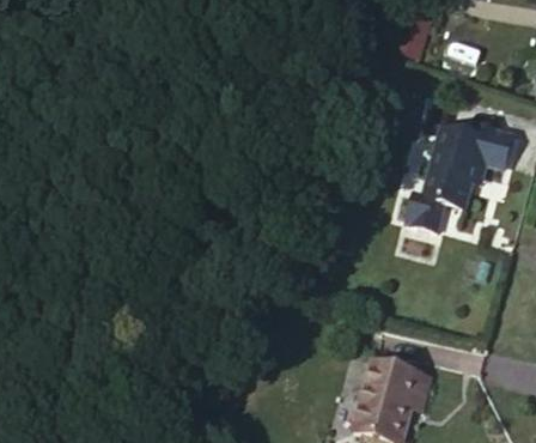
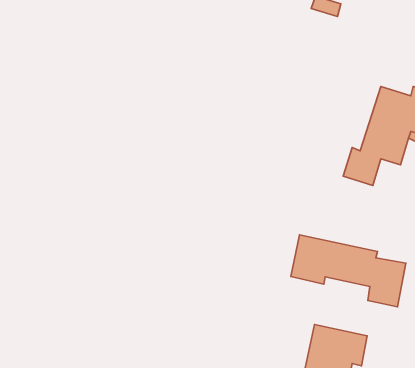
building: none -> [291,235,406,307]

